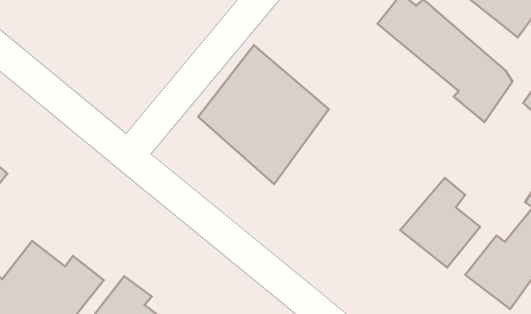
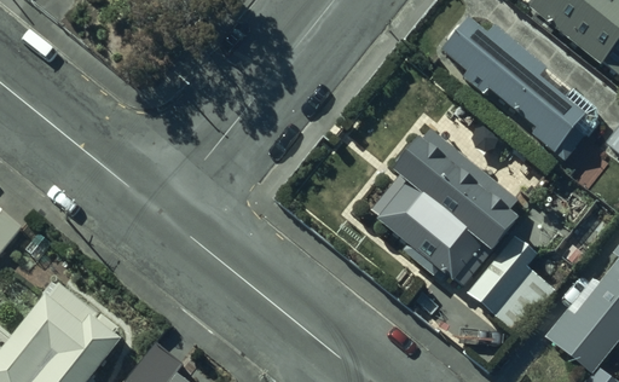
building: [198,45,329,184] -> [370,129,517,286]

